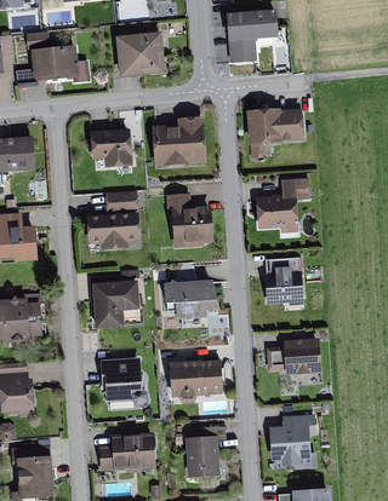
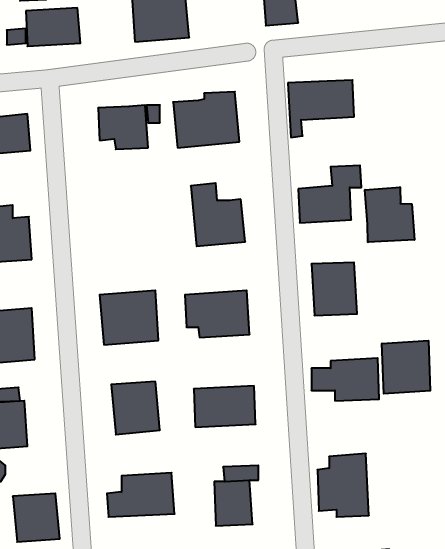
building: [89,192,141,244] -> none
building: none -> [365,187,414,242]
building: none -> [382,341,430,394]

